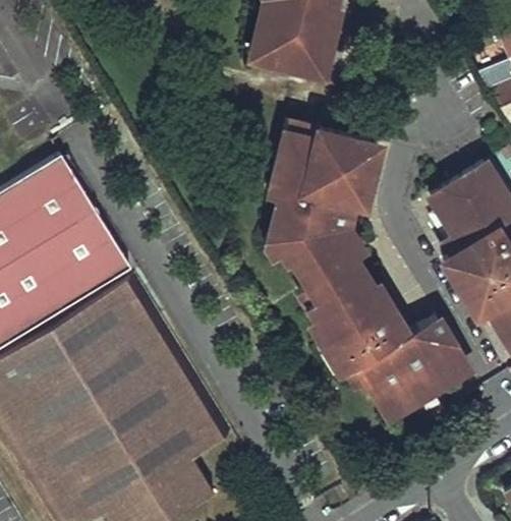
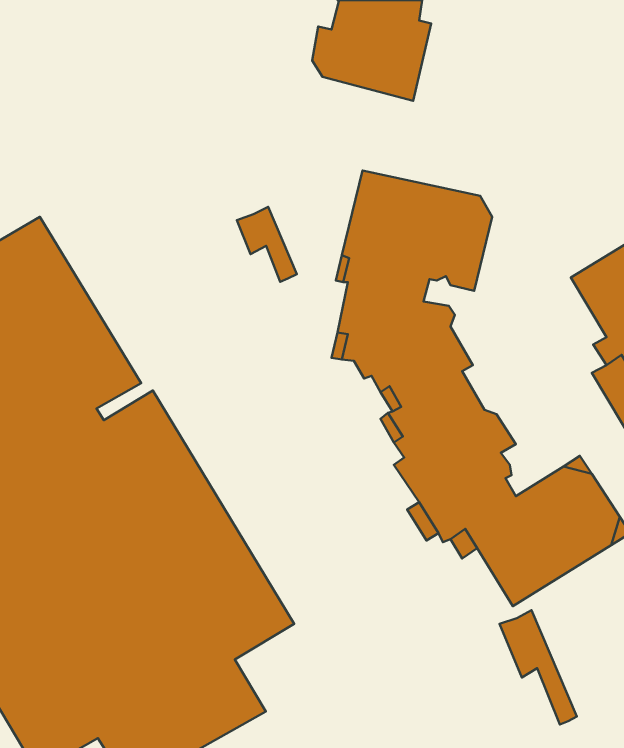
building: none -> [237,207,297,282]
building: none -> [500,610,577,725]

